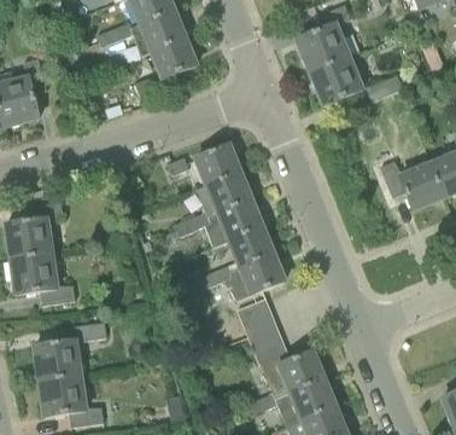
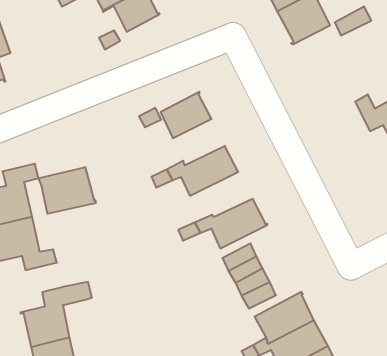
building: [199,172,250,215] -> none
building: none -> [39,167,96,214]
building: [211,226,273,268] -> none

